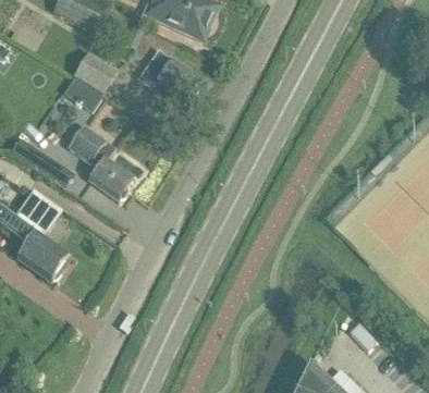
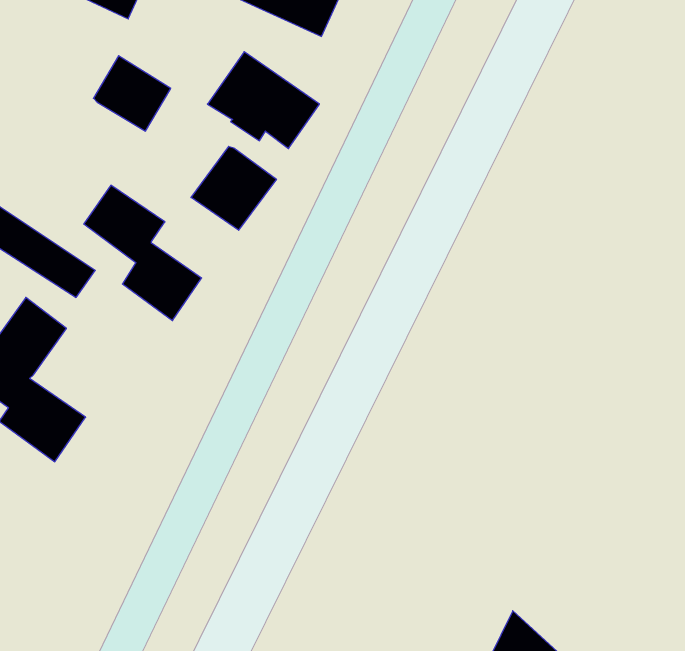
building: [64,77,102,111] -> none
building: none -> [191,146,276,230]

